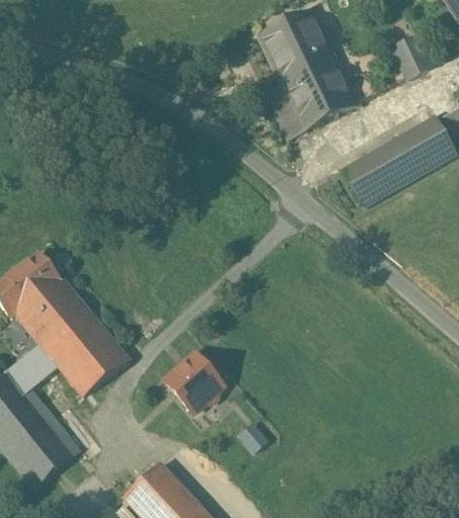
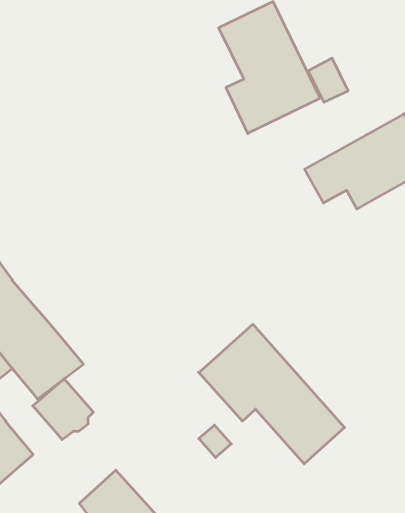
building: [392,34,431,77] -> [308,58,348,102]
building: none -> [198,324,345,464]
building: [164,352,222,411] -> [33,379,93,440]

